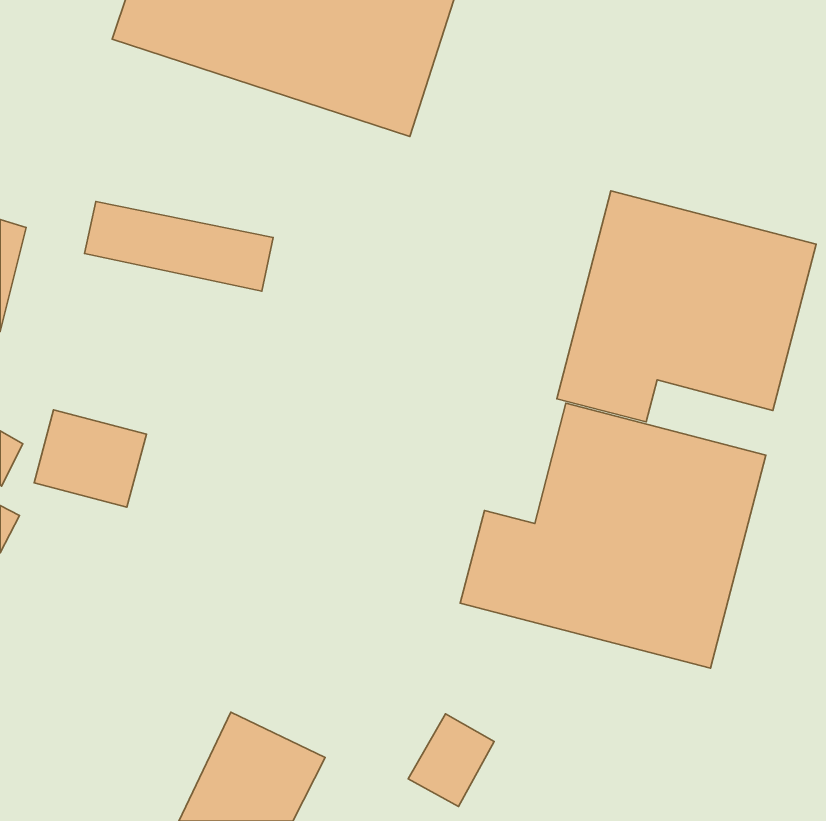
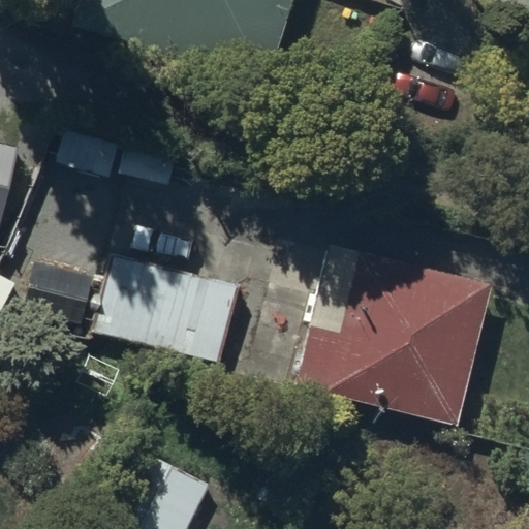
building: [557,191,816,422] -> none
building: none -> [96,254,236,360]

